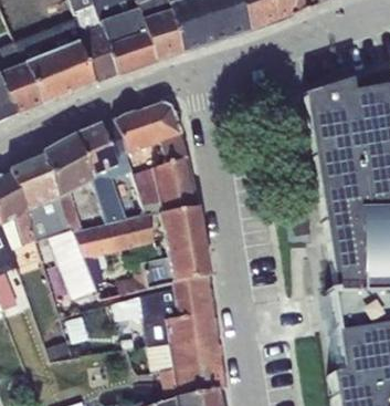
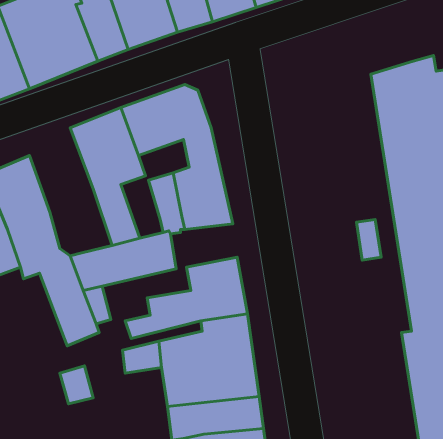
building: [44,133,94,230] -> none
building: [160,206,203,239] -> none

